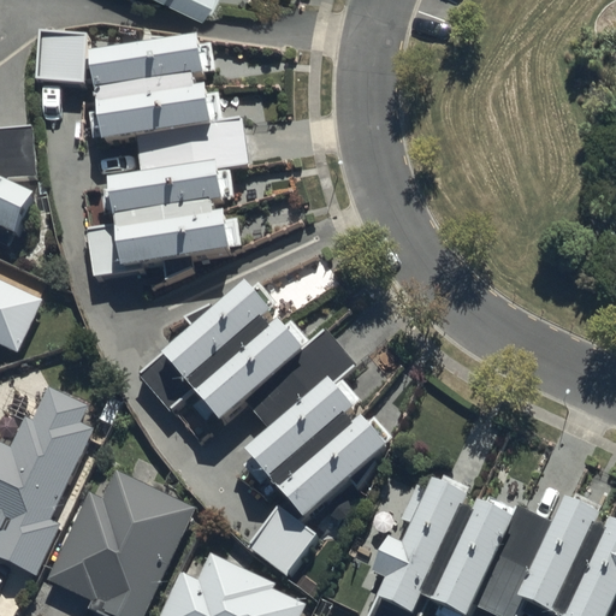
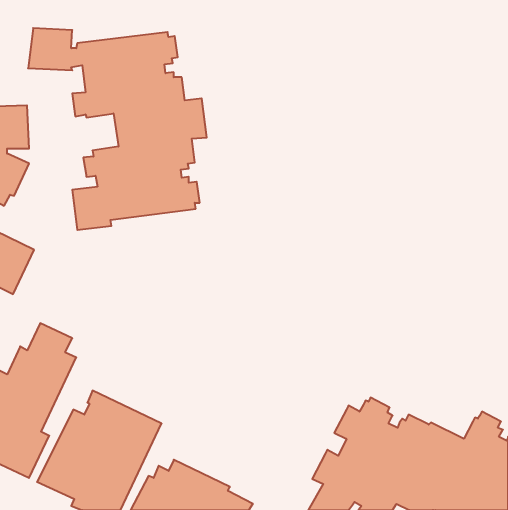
building: [138,283,390,575] -> none

